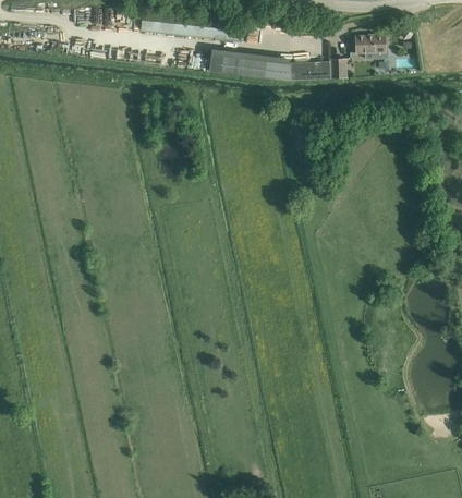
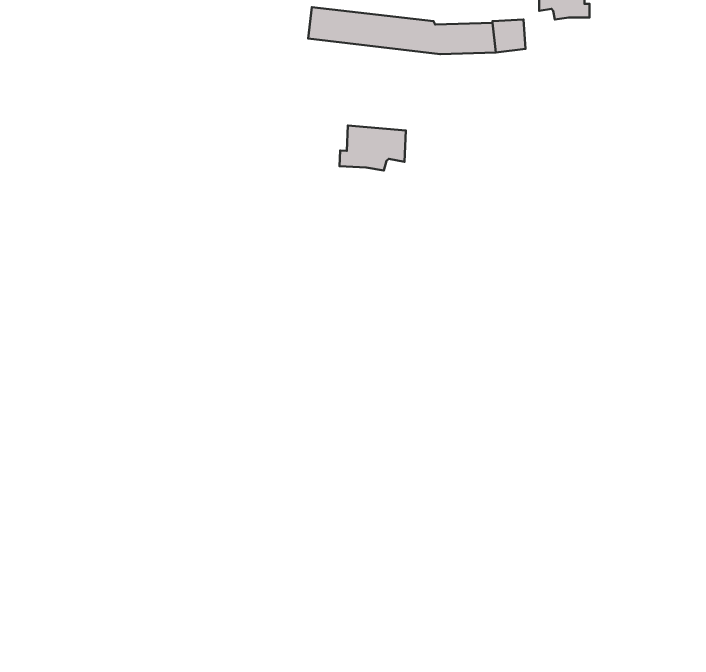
building: none -> [339,125,406,170]

